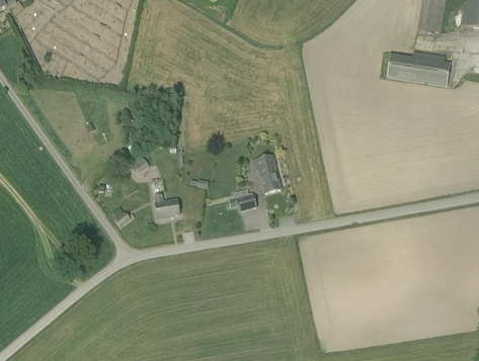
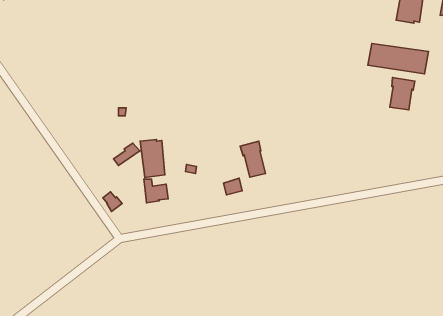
building: none -> [390,78,415,110]
building: none -> [140,139,165,177]

